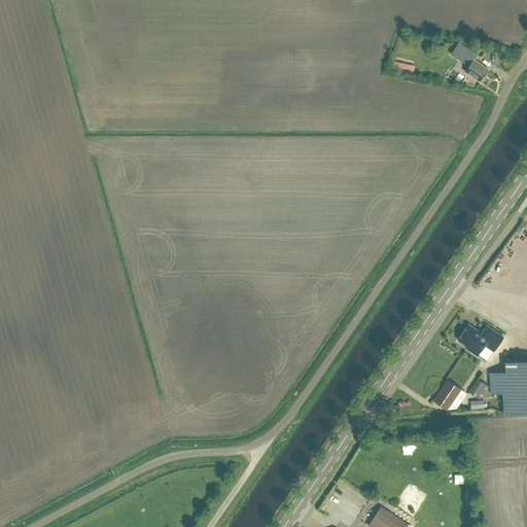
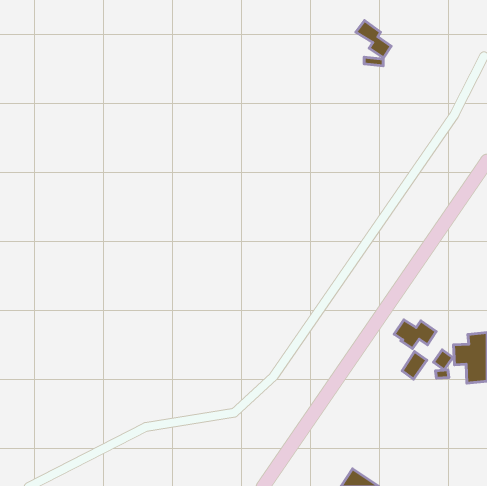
building: [451,43,489,83] -> [356,21,391,58]
building: [460,324,505,355] -> [394,320,436,349]

